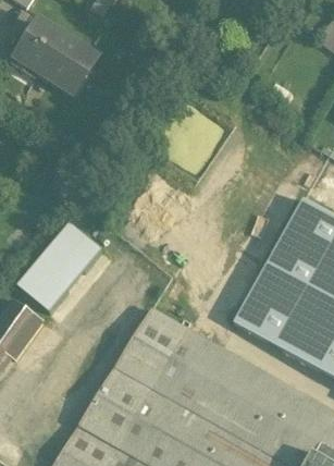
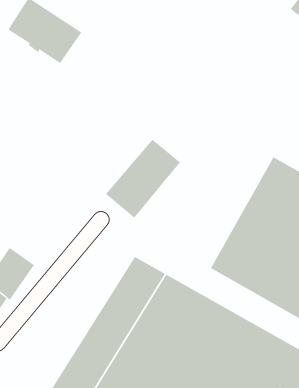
building: [16,222,100,310] -> [105,139,181,219]

